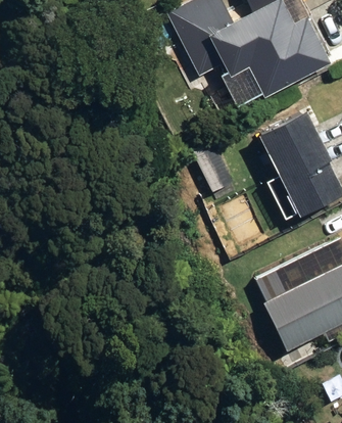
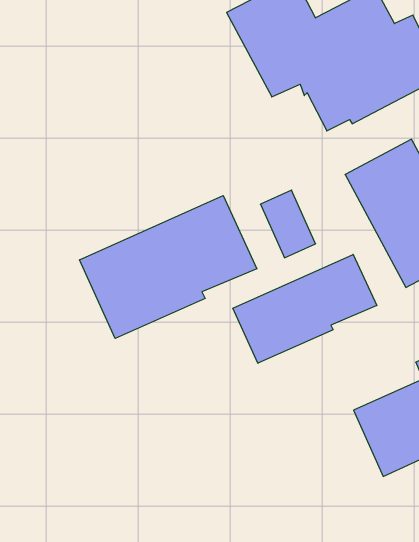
building: none -> [80,196,257,338]
building: none -> [233,254,377,363]

